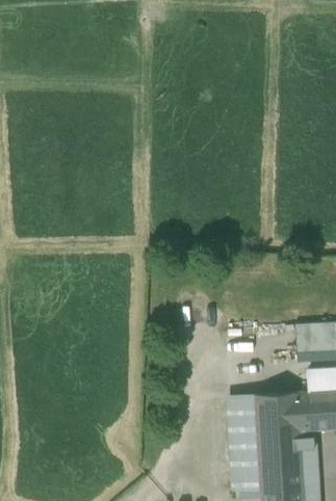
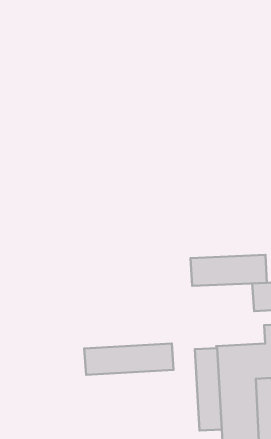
building: none -> [191,255,267,286]
building: none -> [84,343,174,375]

